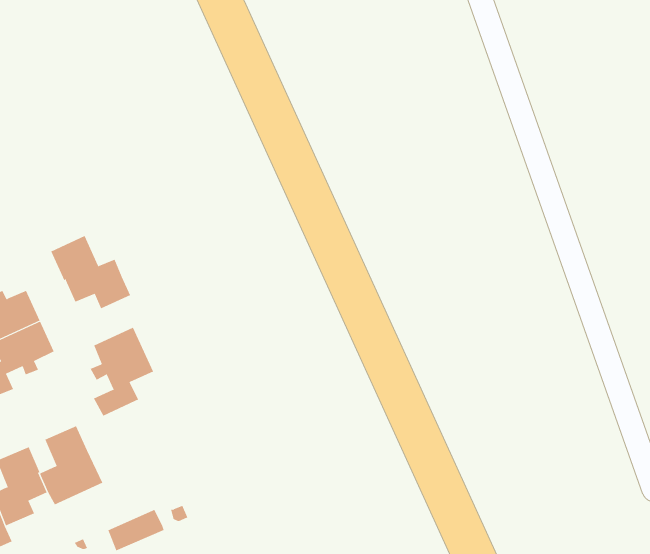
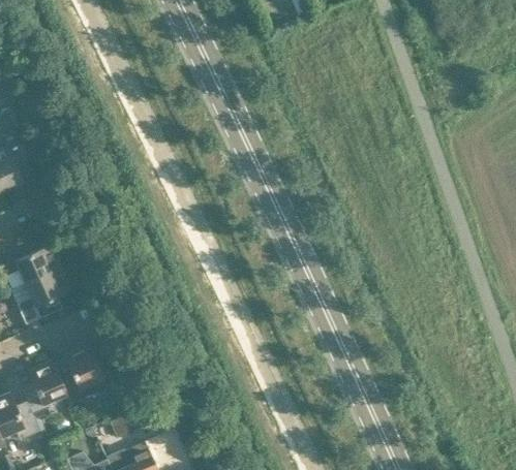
building: [51,235,131,309] -> none
building: [90,327,154,417] -> none

